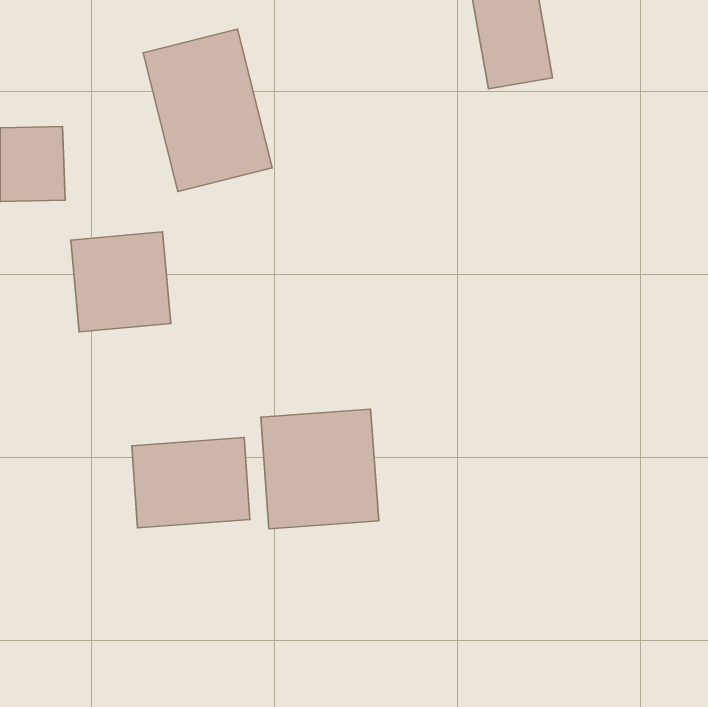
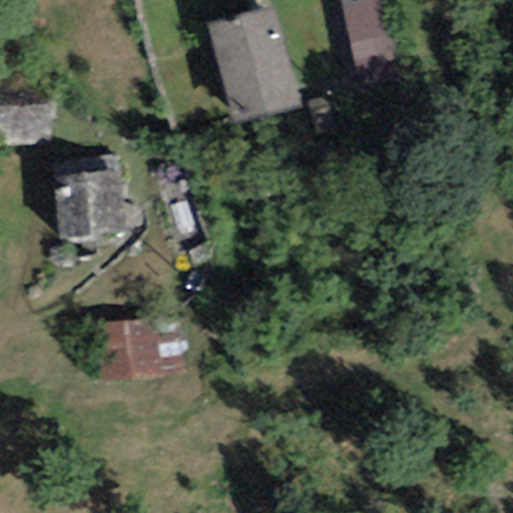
building: [143,29,272,192] -> [208,6,302,123]
building: [261,409,379,529] -> none

